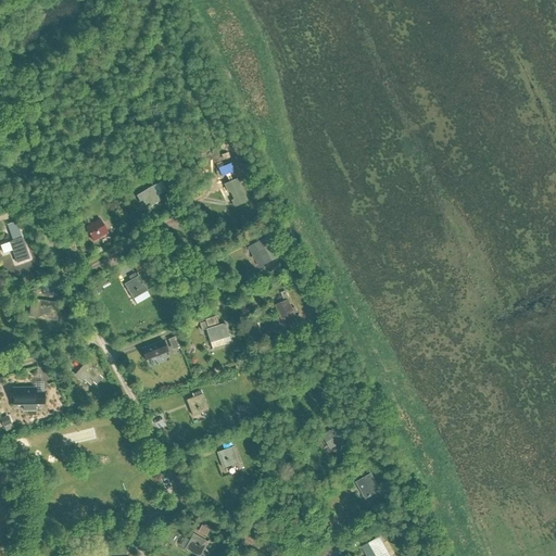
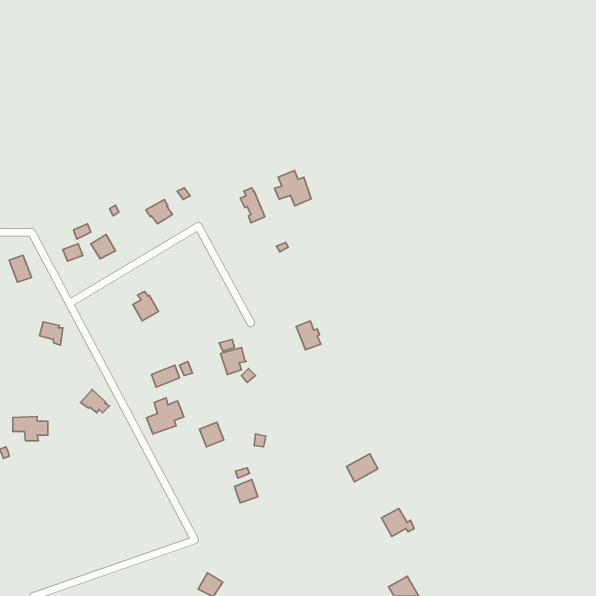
building: none -> [275,170,311,206]
building: [250,238,279,267] -> none
building: none -> [147,398,184,434]

